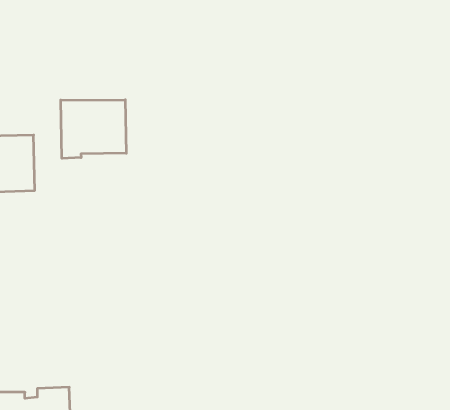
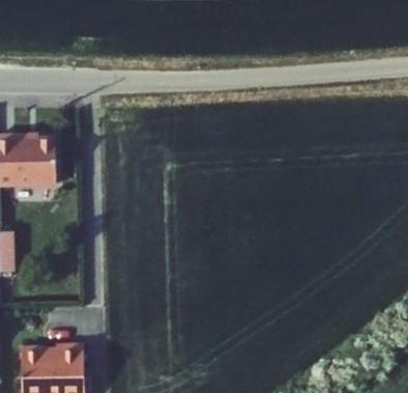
building: [61,100,126,158] -> none

